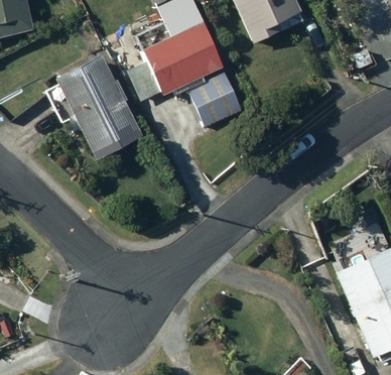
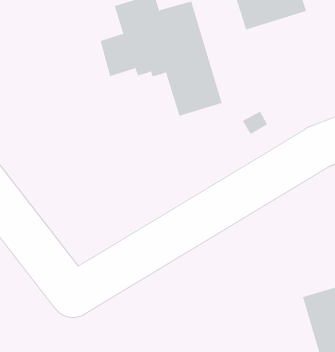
building: [46,56,142,159] -> none

